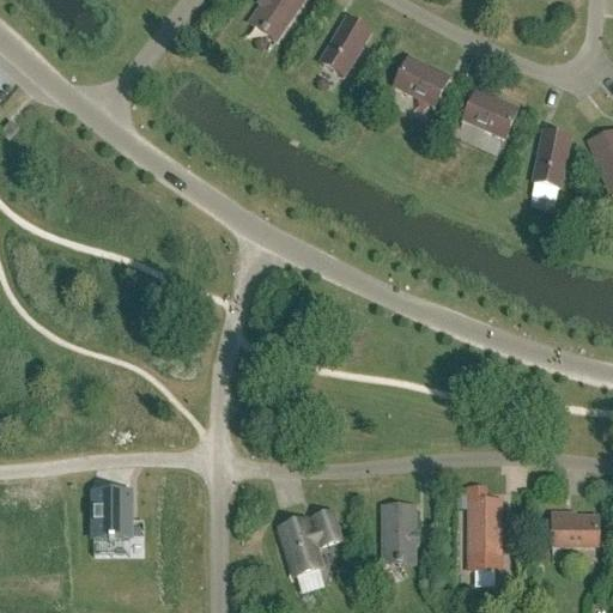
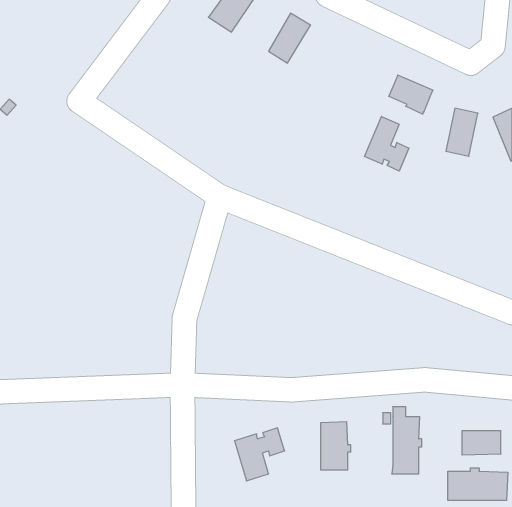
building: [394,56,449,102] -> none
building: none -> [365,116,409,171]
building: [93,491,129,538] -> none
building: none -> [448,468,508,500]

